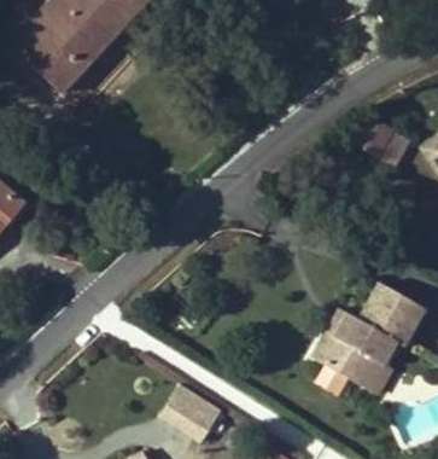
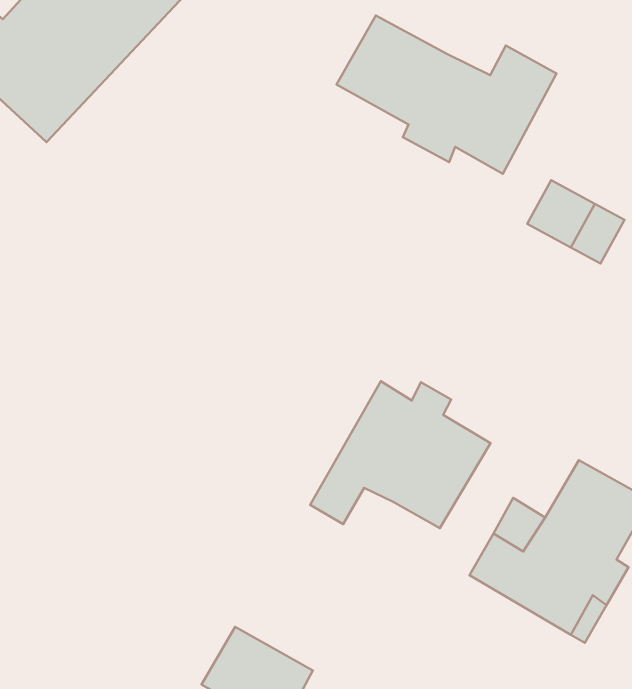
building: none -> [336,16,556,174]
building: none -> [310,381,490,528]

